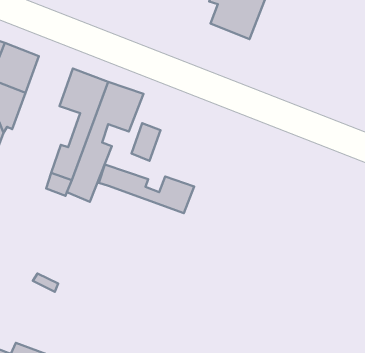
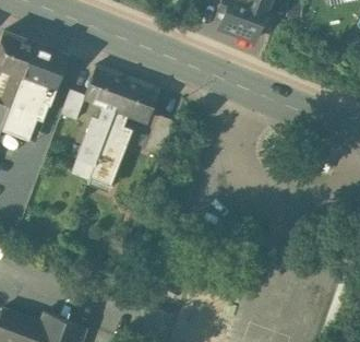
building: [99,164,194,213] -> none

